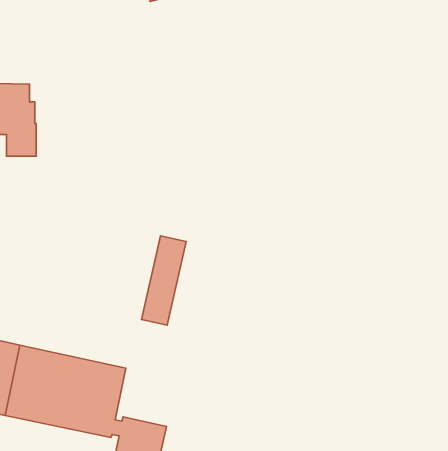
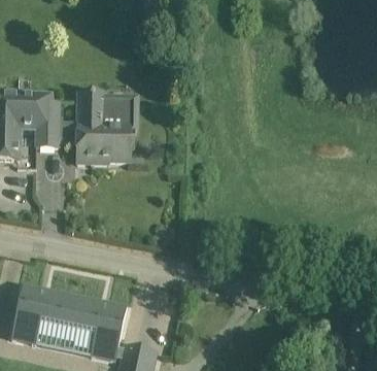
building: none -> [58,91,138,163]
building: [142,236,186,325] -> none

